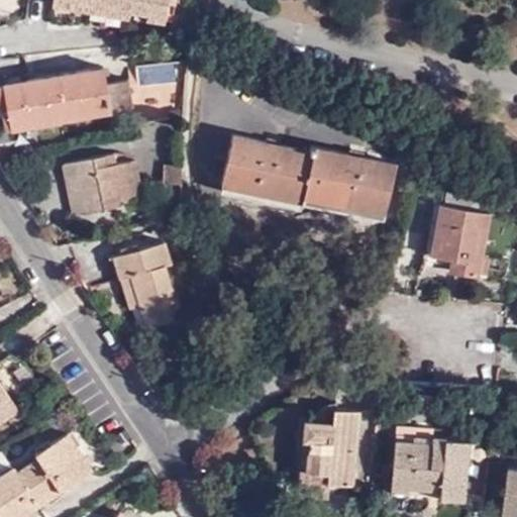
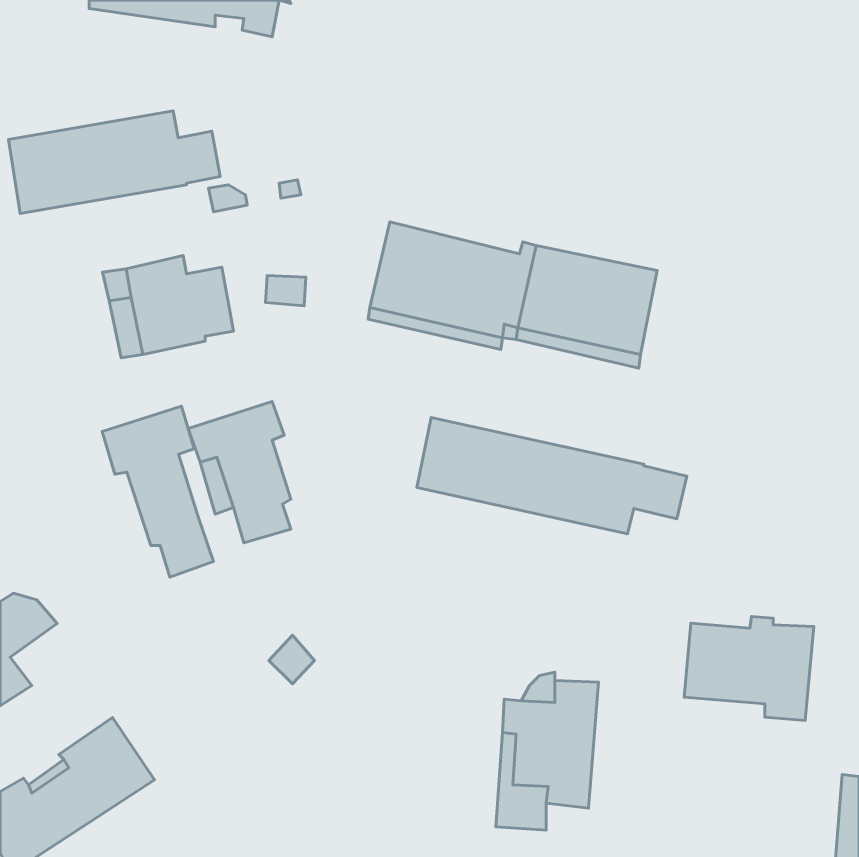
building: [433,205,488,277] -> none
building: none -> [102,406,213,577]
building: none -> [417,417,687,534]
building: [392,437,470,500] -> [684,616,814,721]

